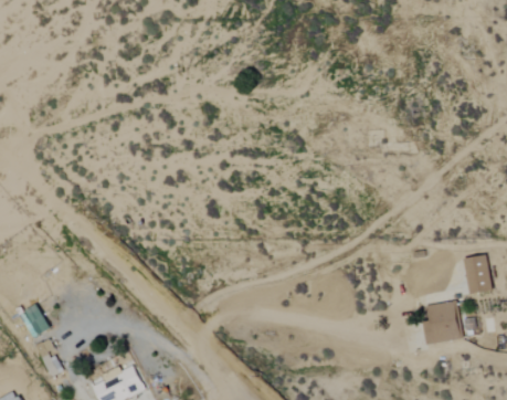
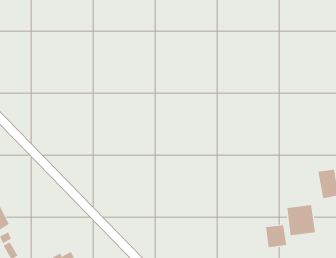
building: none -> [266,225,287,248]

